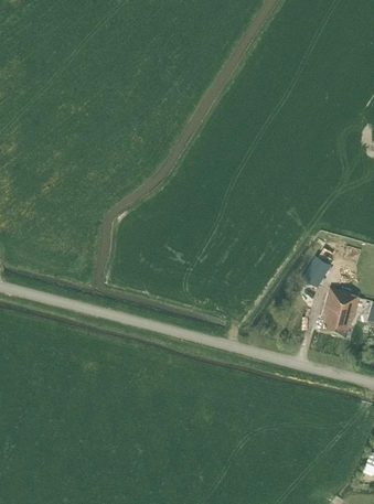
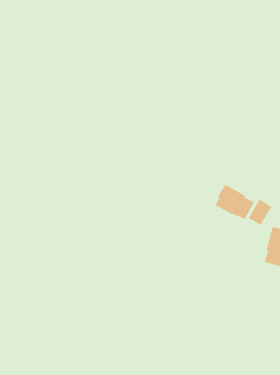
building: none -> [215,184,255,220]

